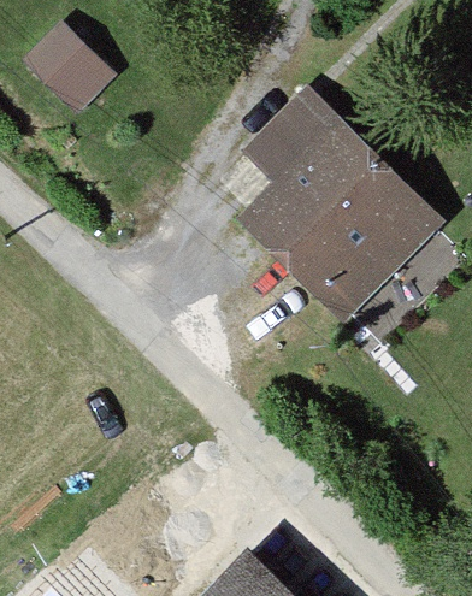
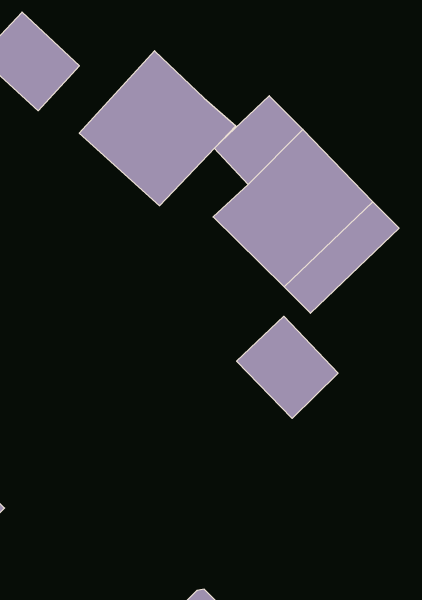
building: none -> [79,51,236,206]
building: none -> [237,316,338,418]

